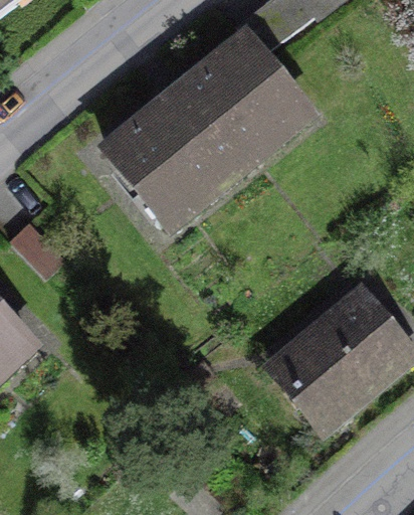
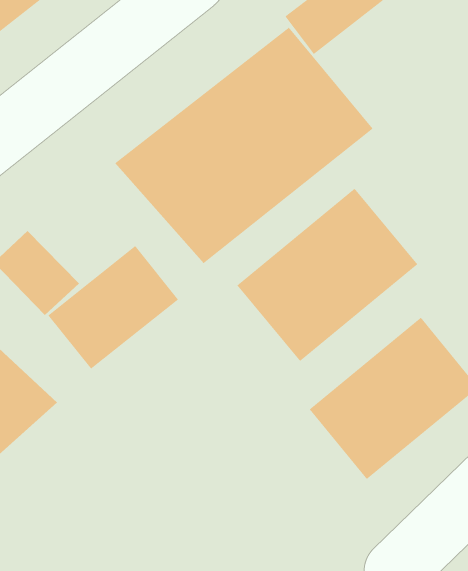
building: none -> [237,188,418,362]
building: none -> [47,245,179,370]

